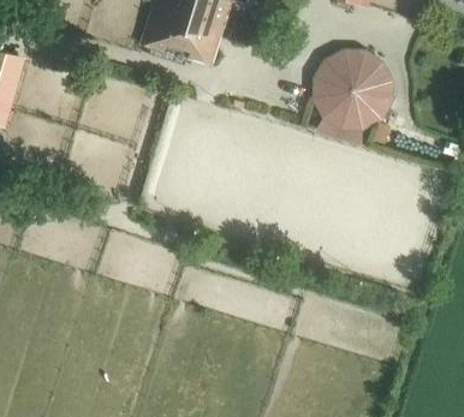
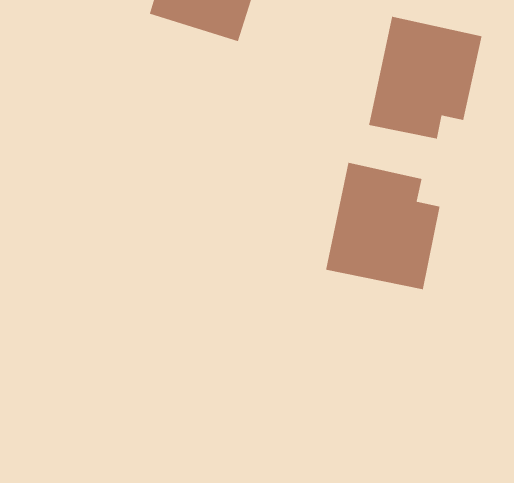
building: none -> [325,162,441,290]

